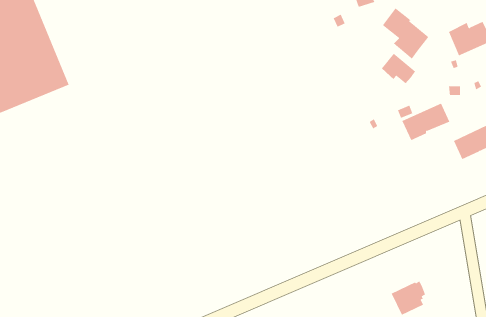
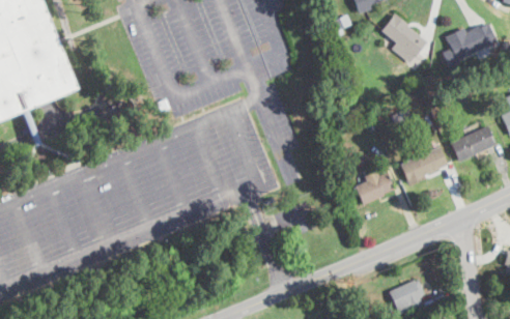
building: [381,53,416,84] -> none
building: [401,103,450,141] -> [400,146,448,183]
building: none -> [356,170,395,205]

